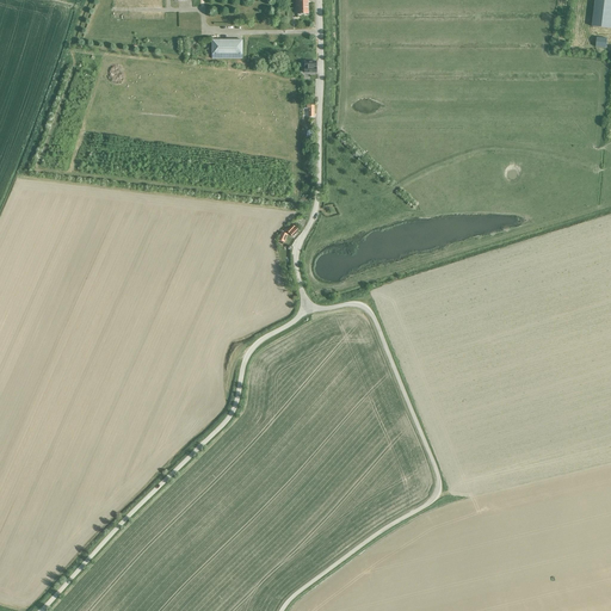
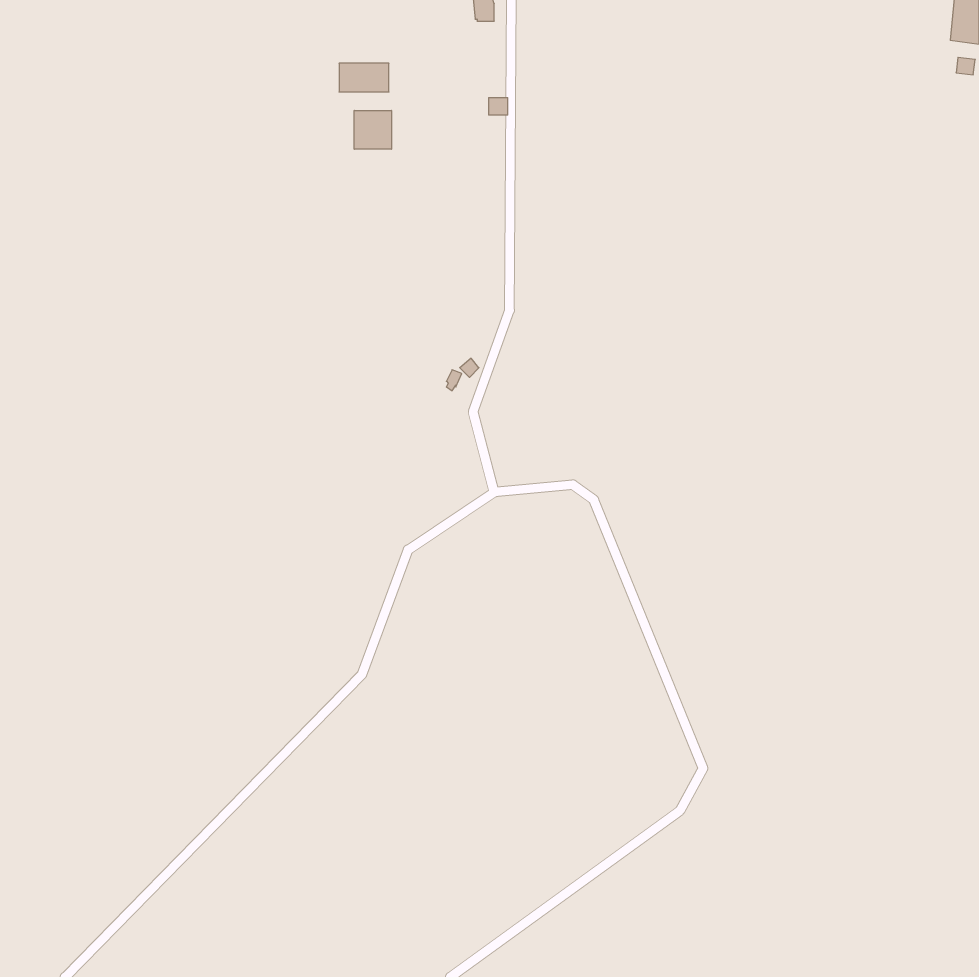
building: none -> [354,110,391,149]

